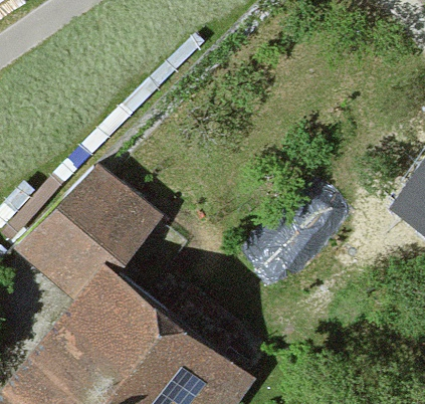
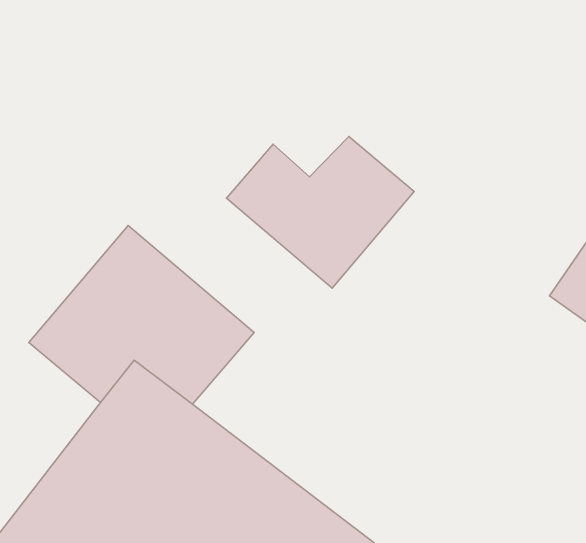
building: none -> [226,137,414,288]

